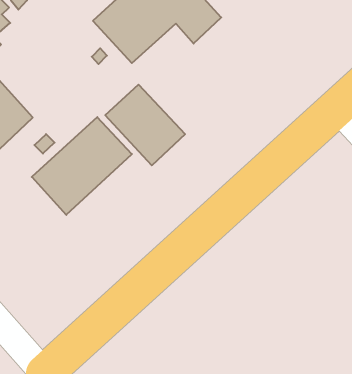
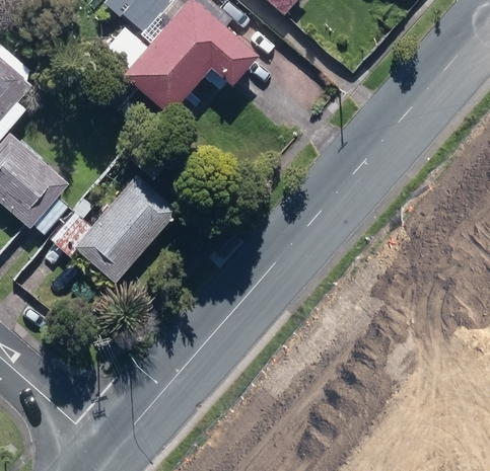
building: [105,85,185,165] -> none

